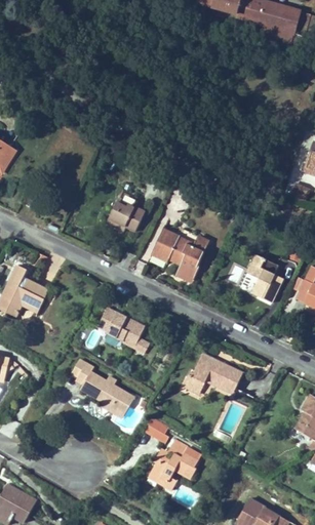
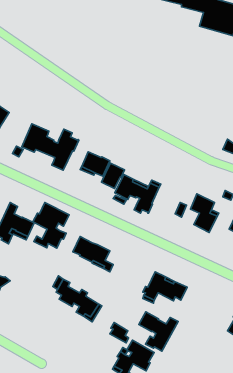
building: none -> [22,124,79,170]
building: none -> [101,163,125,189]
building: none -> [33,203,69,248]
building: none -> [139,312,178,351]

